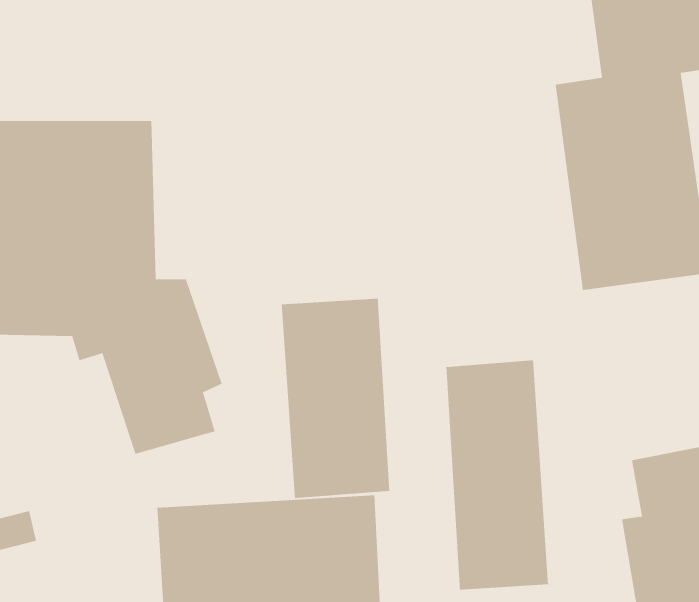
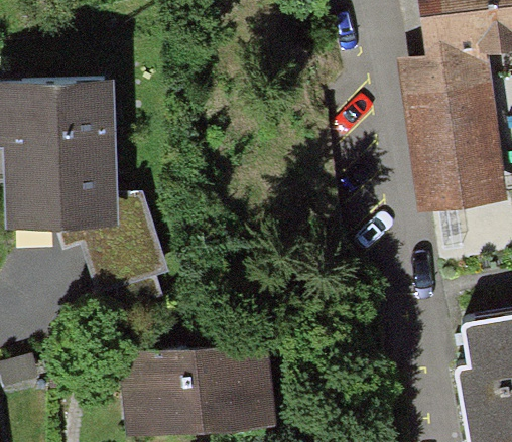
building: [281,298,390,499] -> none
building: [446,360,548,591] -> none

